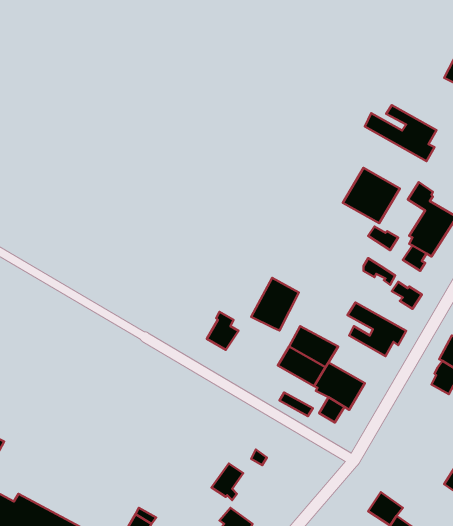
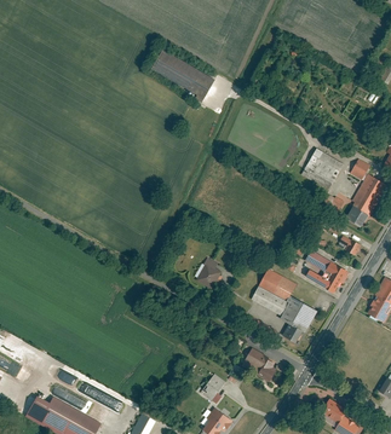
building: none -> [153,50,215,102]
building: [365,105,436,161] -> none
building: [251,278,299,330] -> none
building: none -> [243,348,276,382]

